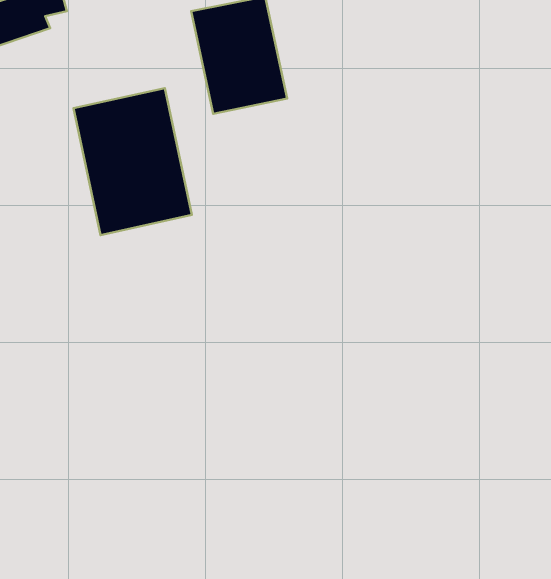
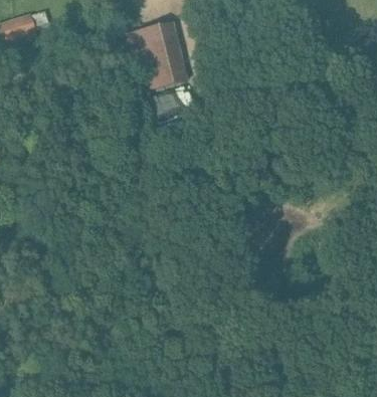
building: [73,88,192,235] -> none

